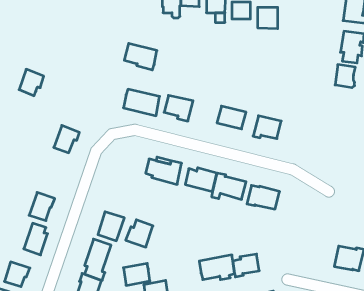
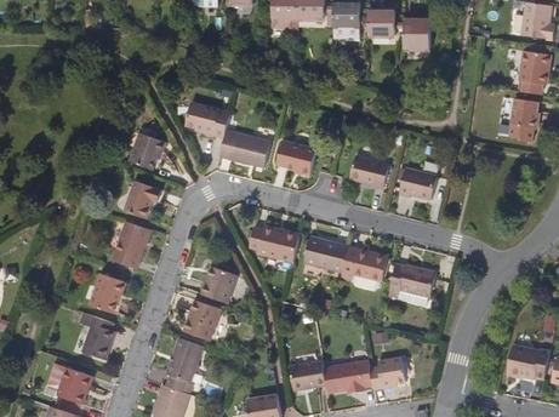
building: [124,43,157,70] -> [184,102,229,138]
building: [19,69,44,96] -> [130,132,164,168]
building: none -> [109,229,147,276]
building: [126,220,153,247] -> [200,265,238,303]
building: [123,263,150,285] -> [290,360,326,390]

